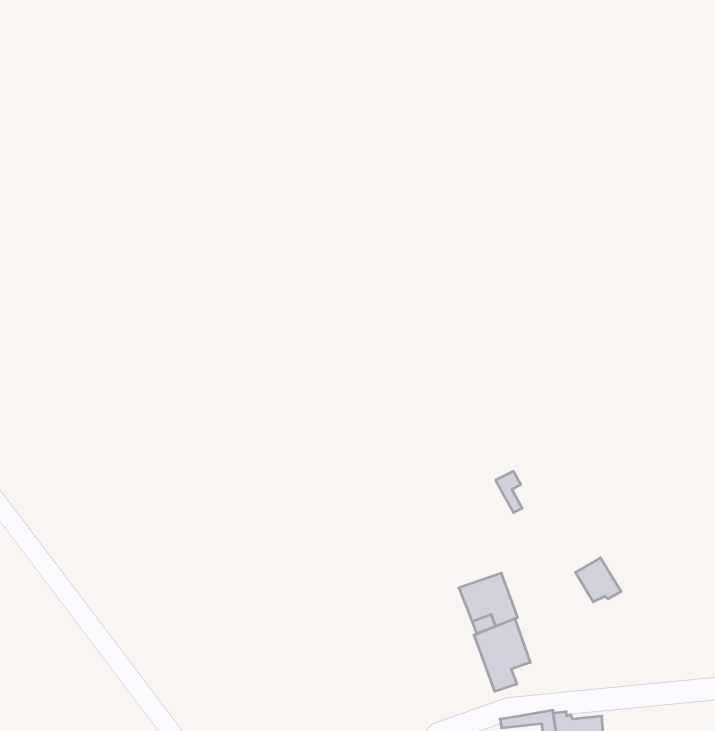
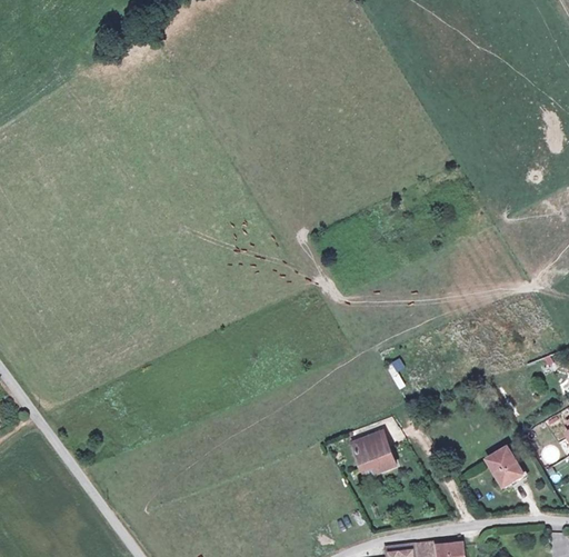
building: [575,558,621,602] -> [487,448,521,481]
building: [474,619,530,691] -> none

